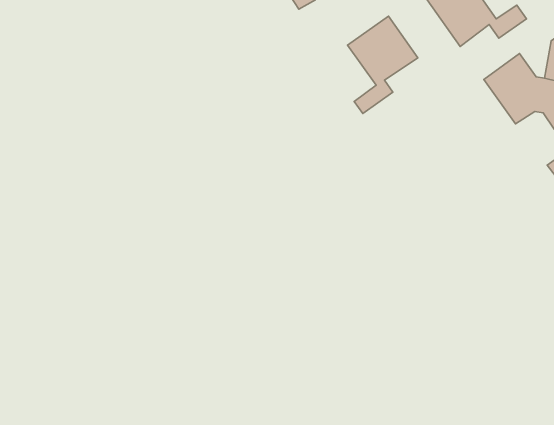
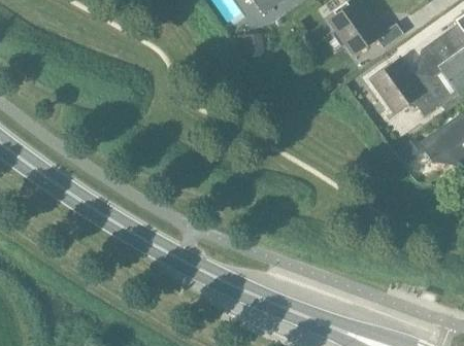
building: [348,16,418,114] -> none

